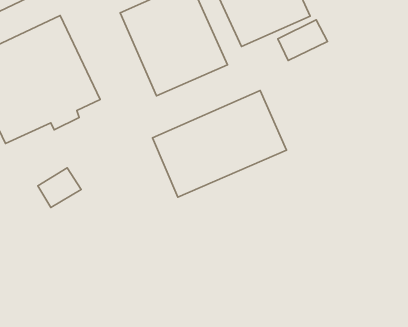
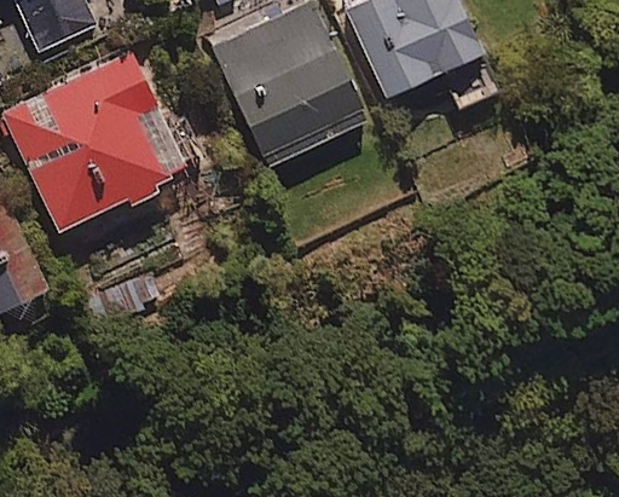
building: [152,90,286,197] -> none

